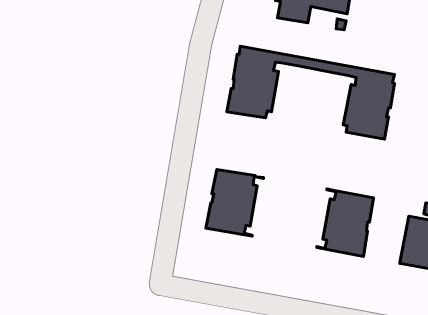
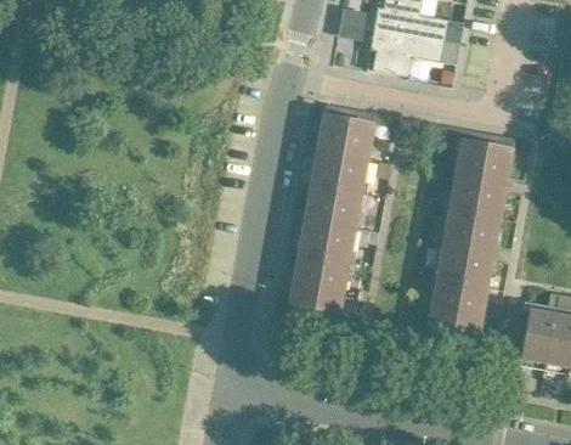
building: none -> [299,180,367,257]
building: none -> [439,204,501,283]

